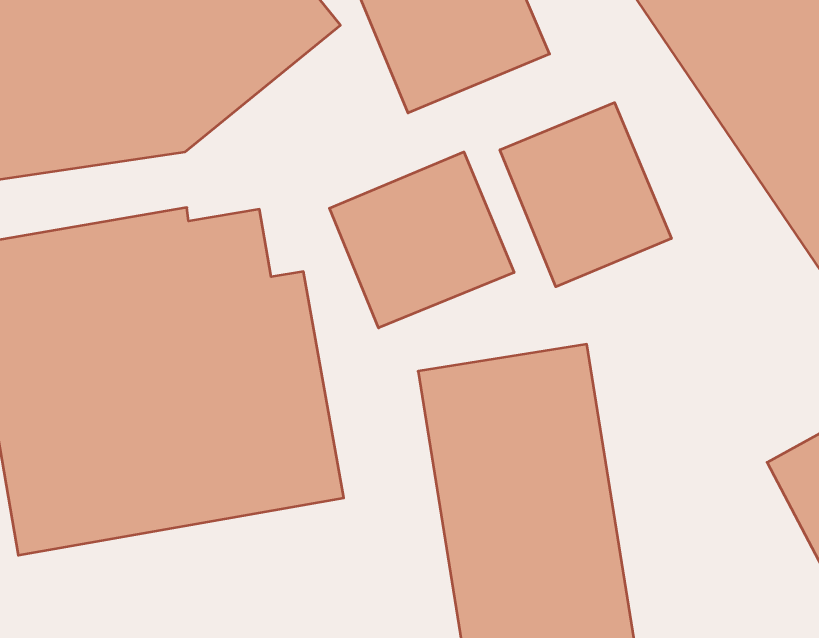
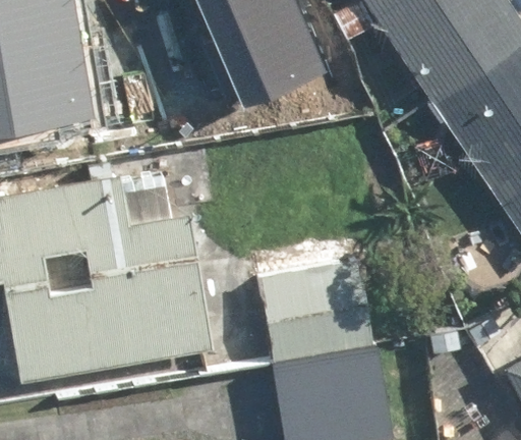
building: [500,103,671,287] -> none
building: [329,152,514,328] -> none

